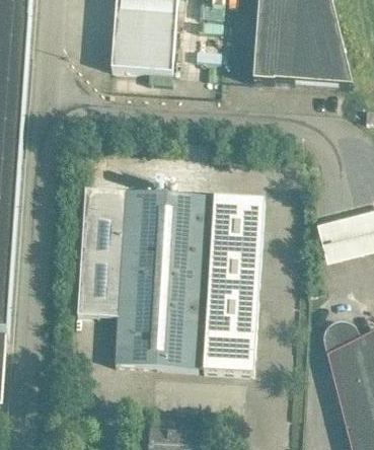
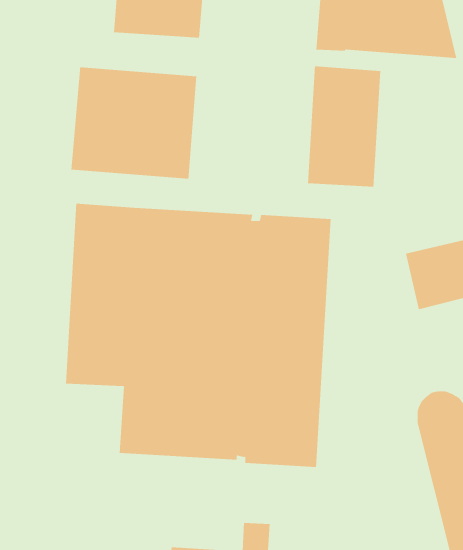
building: none -> [307,66,381,188]
building: none -> [71,67,197,180]

